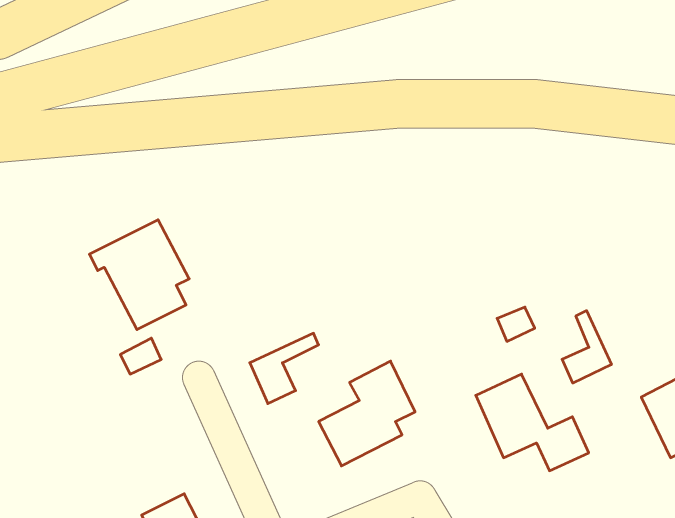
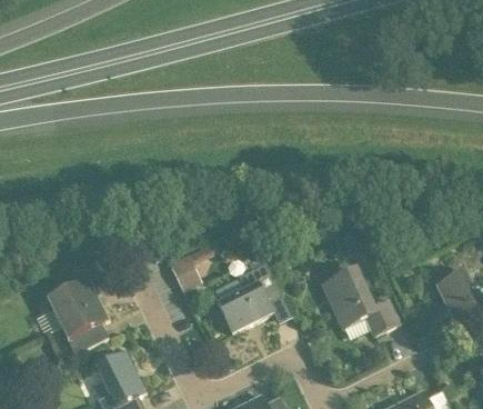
building: [89,220,189,330] -> [42,279,110,353]
building: [562,311,611,383] -> none

